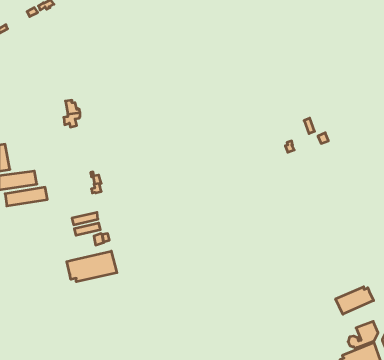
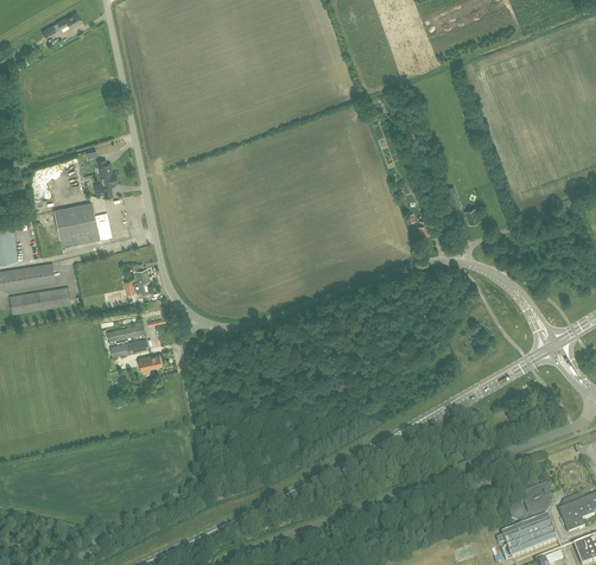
building: none -> [52,202,97,246]
building: [67,251,117,282] -> none
building: [336,287,374,314] -> none

